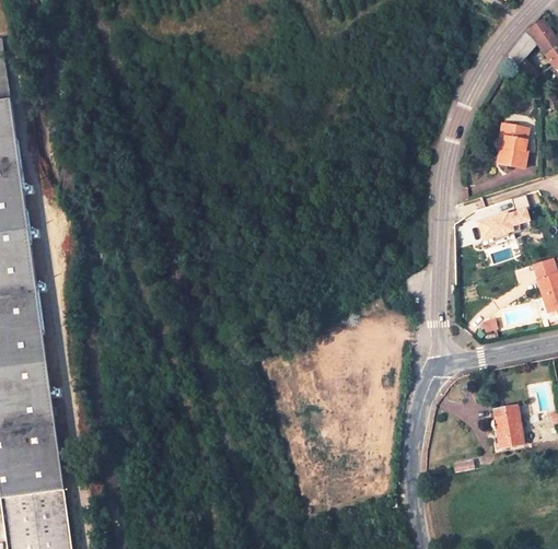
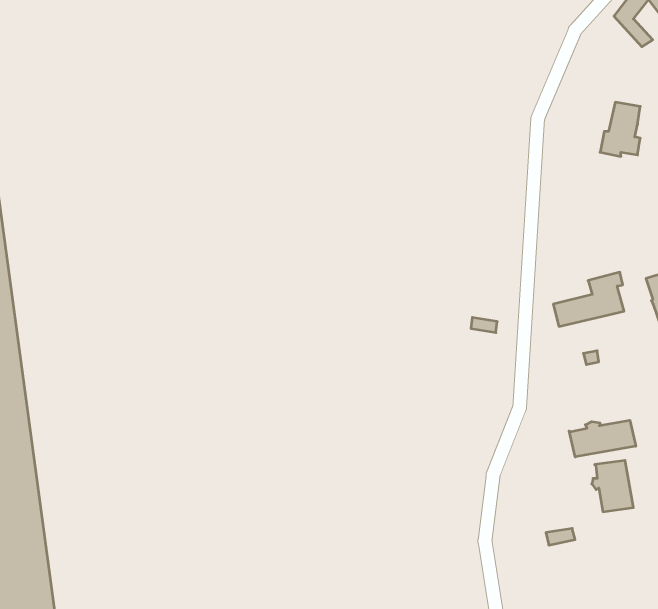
building: [472,198,527,241] -> [553,272,624,326]
building: none -> [569,420,636,457]

